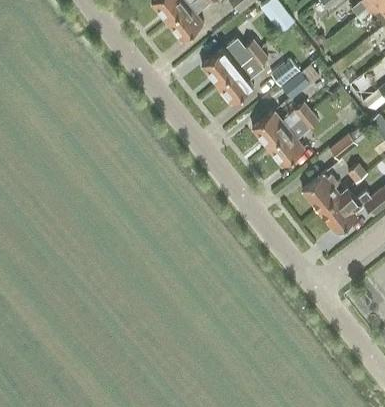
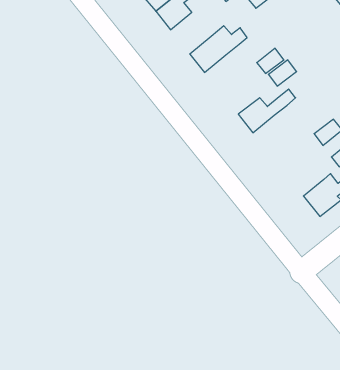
building: [217,49,269,104] -> none
building: [267,111,319,166] -> none
building: [302,173,340,212] -> none

